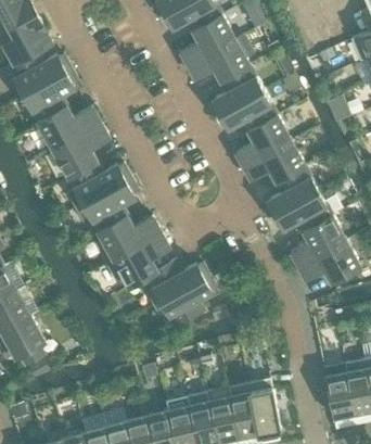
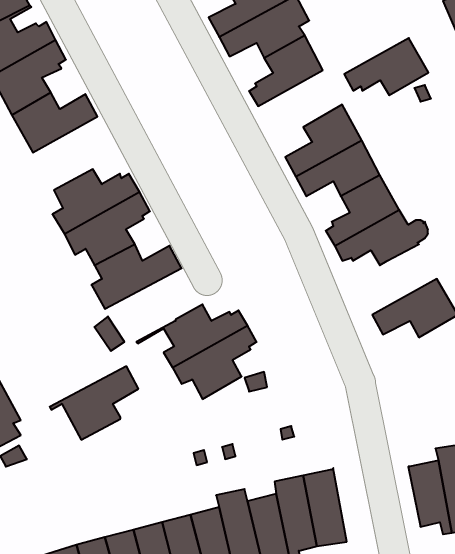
building: [215,90,276,131] -> [344,38,428,95]
building: [52,124,108,177] -> none
building: [290,216,344,267] -> none
building: [104,233,168,287] -> [50,366,138,440]

